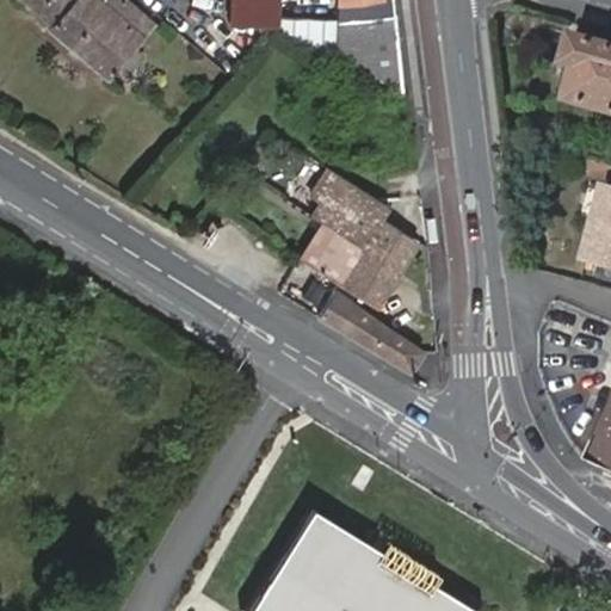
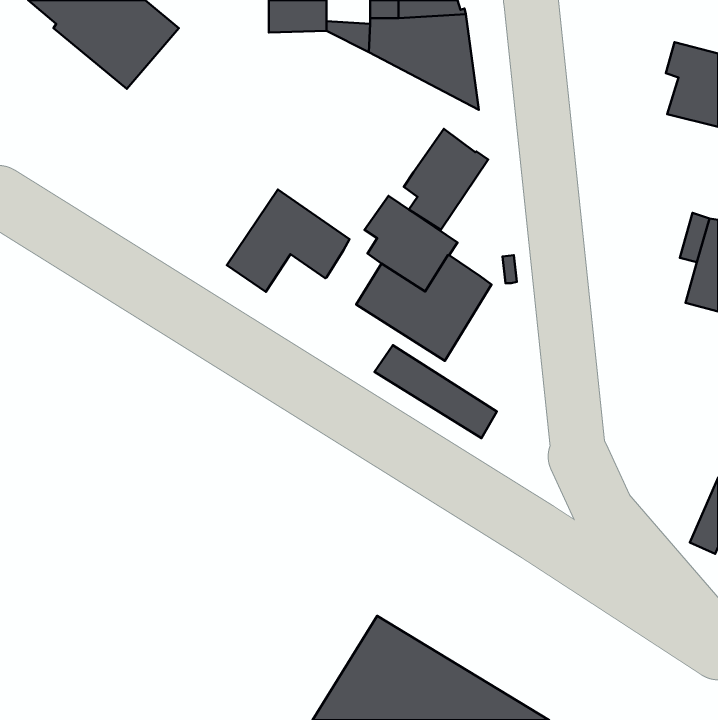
building: none -> [404,129,488,230]
building: none -> [227,189,350,292]

